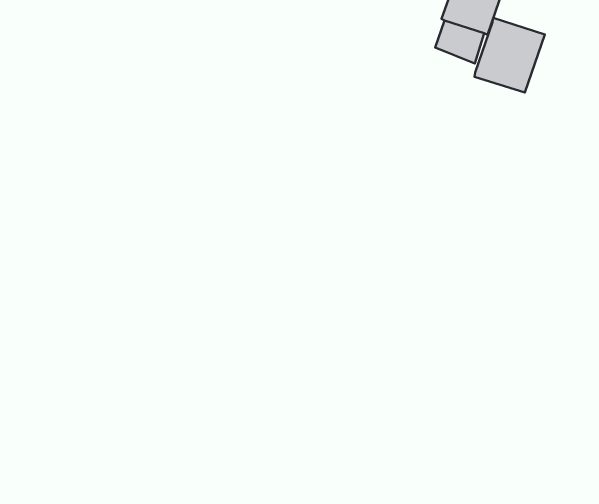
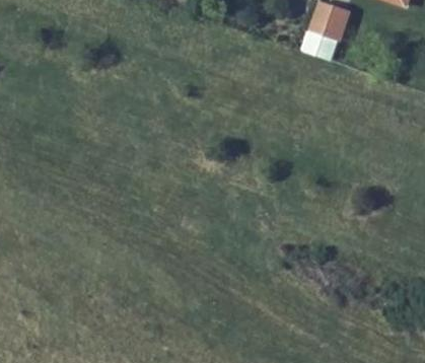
building: [474,18,545,92] -> none

